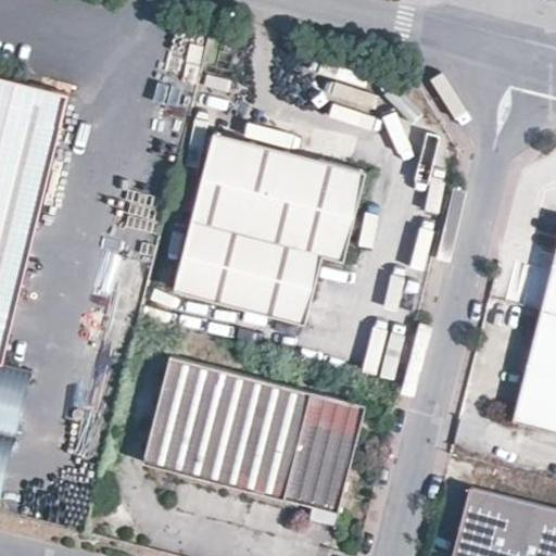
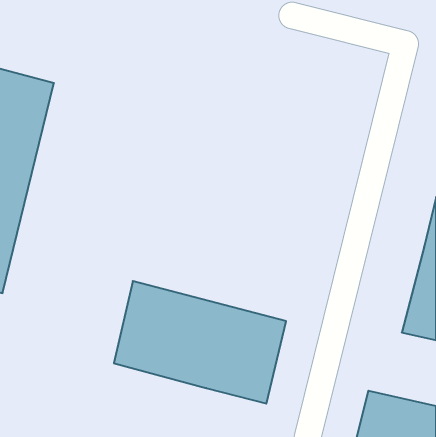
building: [175,131,364,323] -> none

